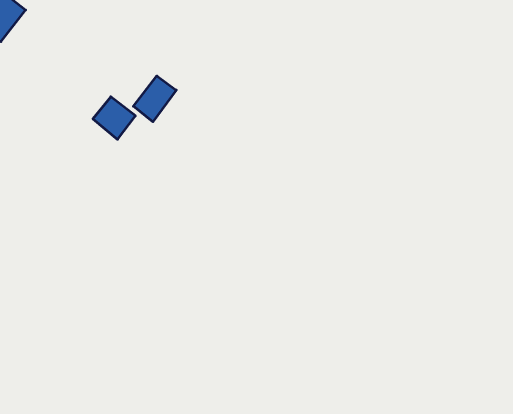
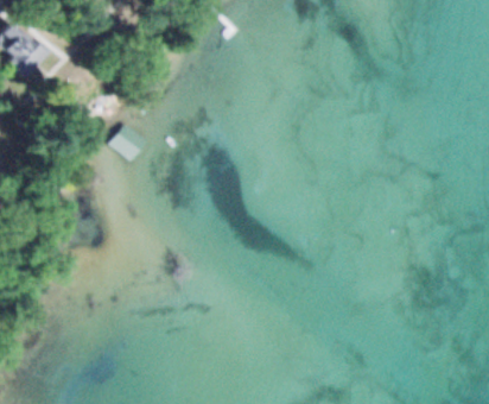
building: [133,76,176,122] -> none

